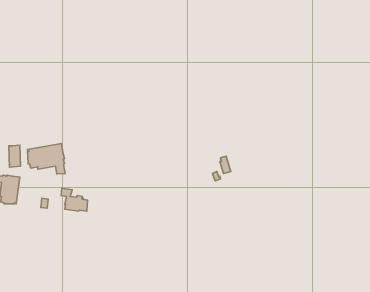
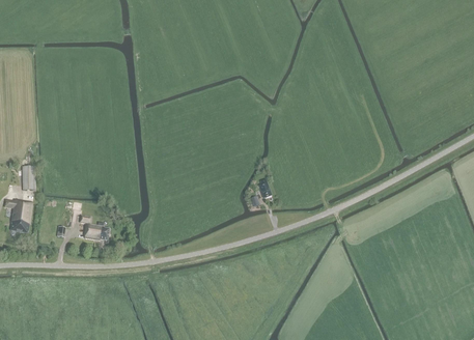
building: [28,144,65,174] -> none

